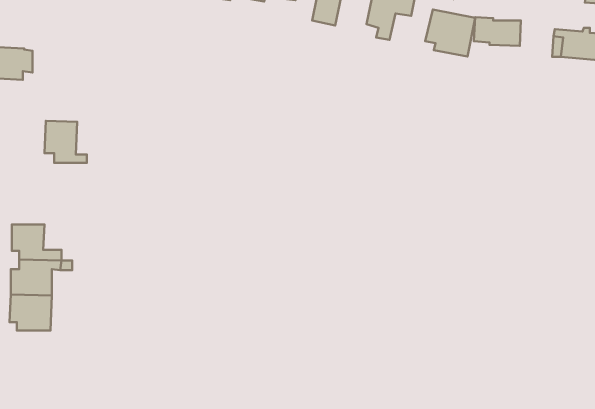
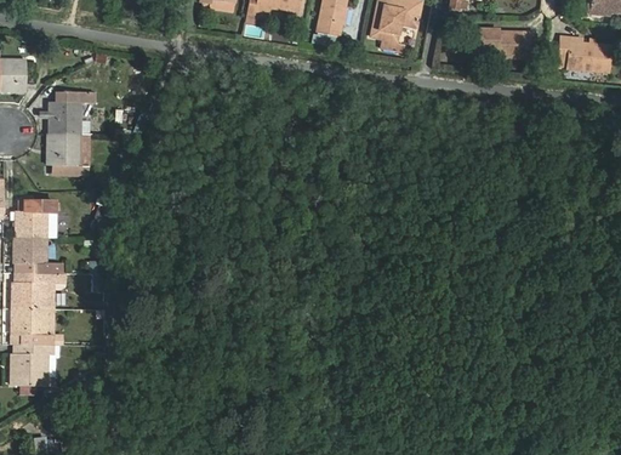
building: [425,9,475,56] -> none
building: none -> [49,91,95,133]
building: none -> [15,200,56,237]
building: none -> [12,343,56,386]

